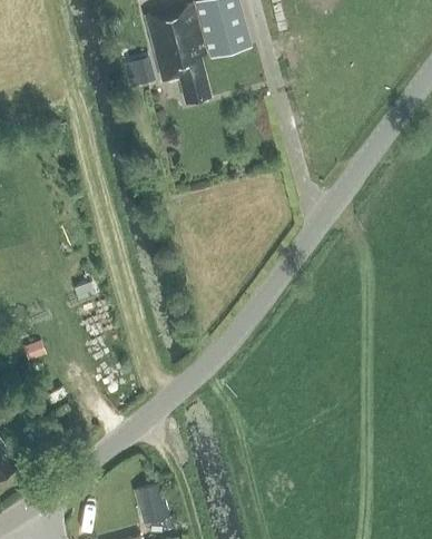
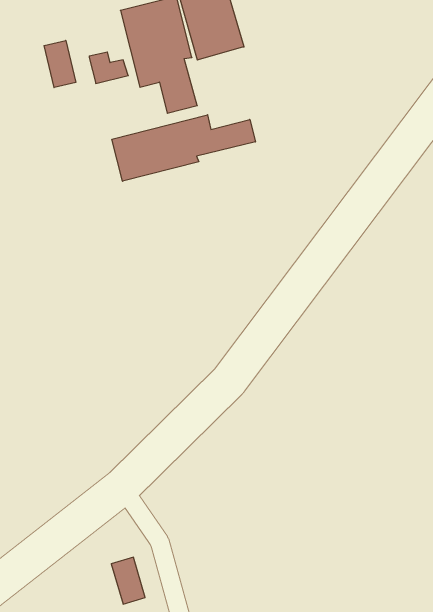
building: none -> [44,40,76,88]
building: none -> [112,115,255,181]

